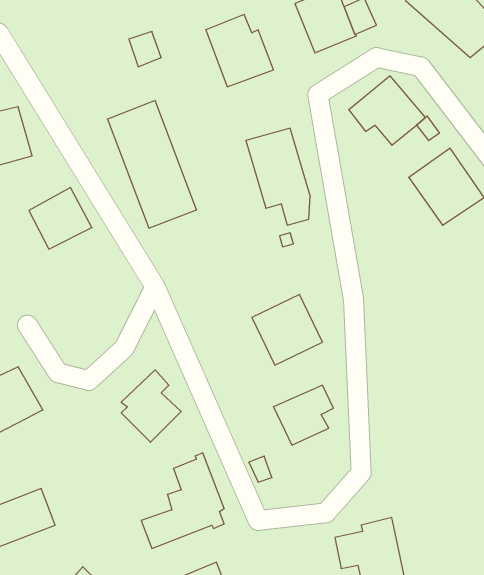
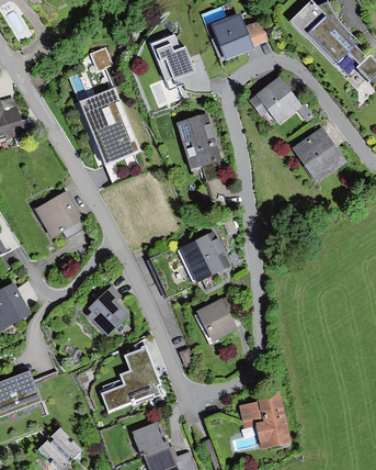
building: [29,188,92,249] -> [35,193,80,237]

